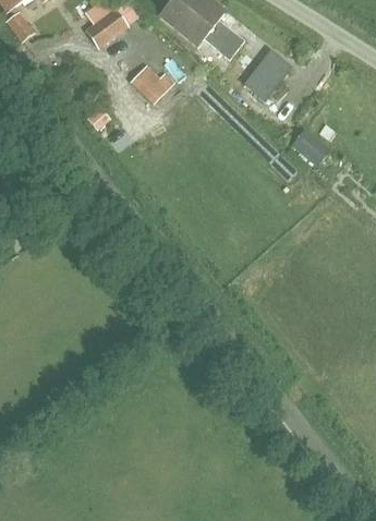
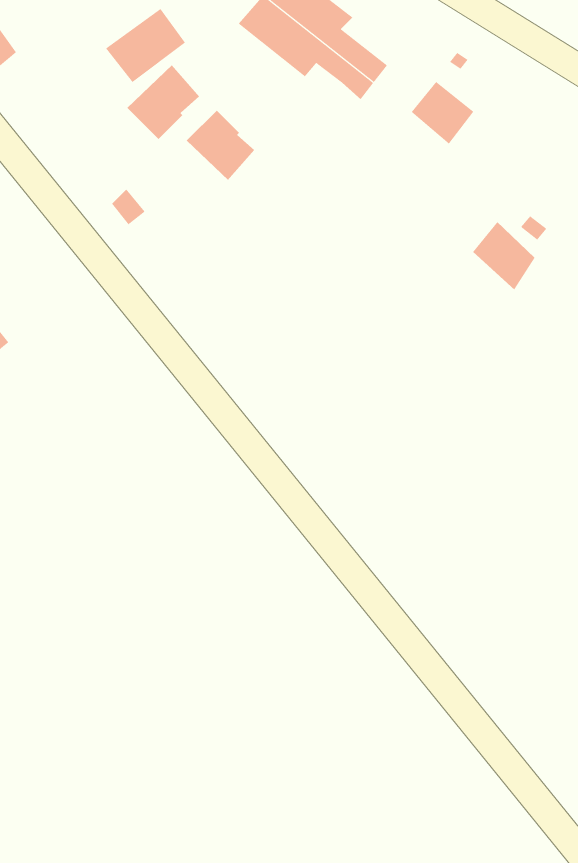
building: none -> [126,65,200,140]
building: [242,65,278,101] -> none

